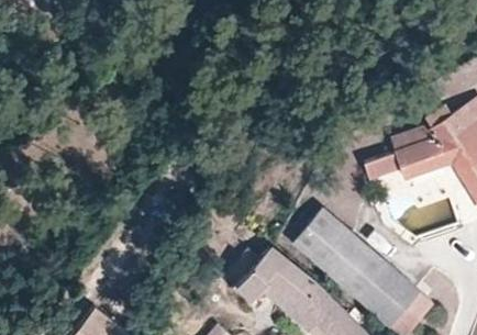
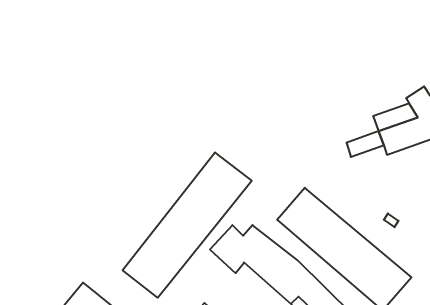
building: none -> [123,152,252,298]

